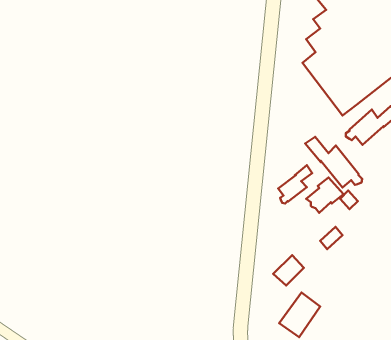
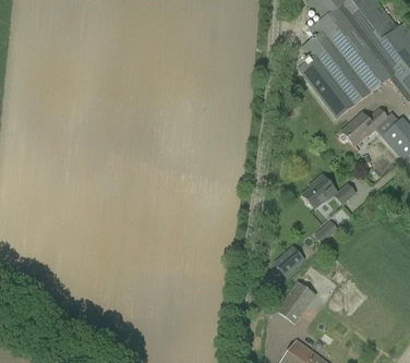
building: [305,137,362,187] -> none
building: [278,165,312,204] -> none

